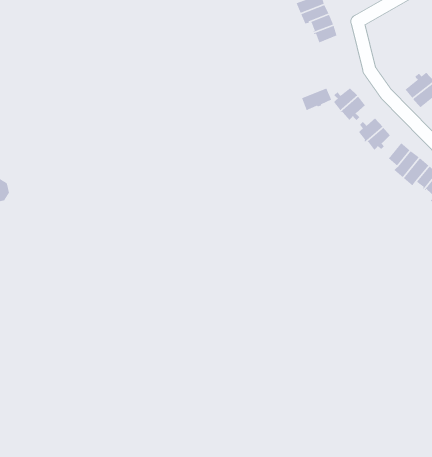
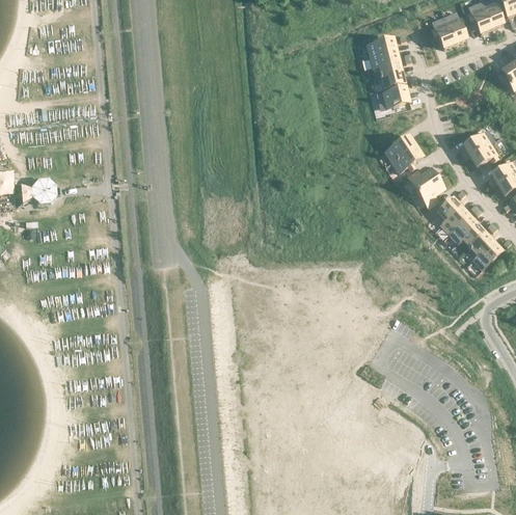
building: [299,87,333,111] -> [373,86,406,107]

